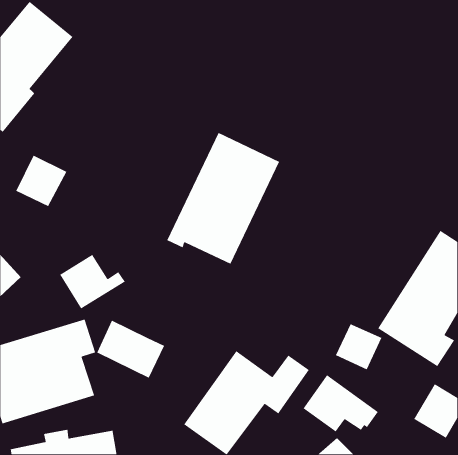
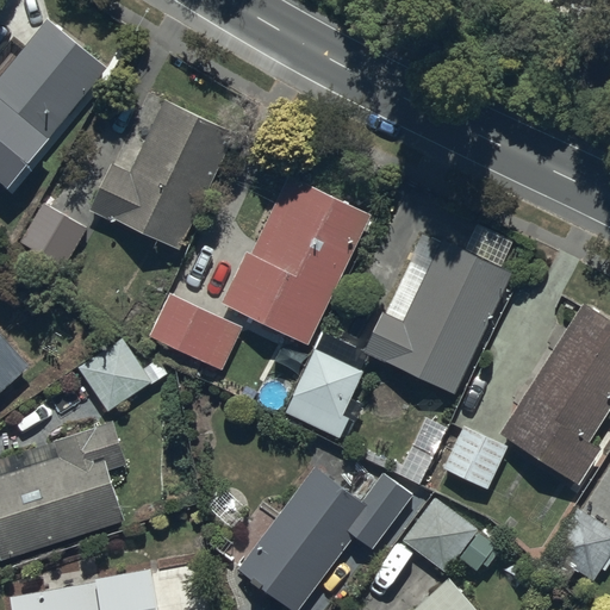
building: none -> [88,87,230,235]
building: none -> [366,245,510,396]
building: none -> [287,349,366,437]
building: [96,319,165,379] -> [151,295,243,374]

